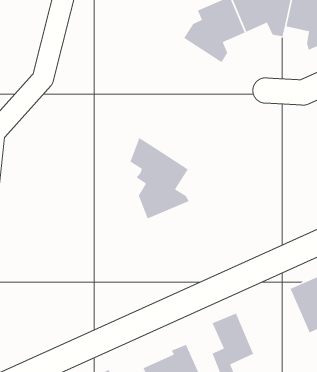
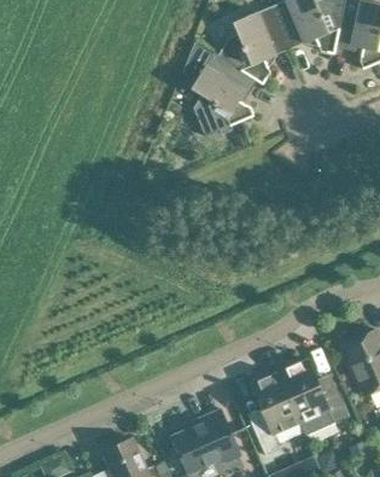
building: [129,137,190,219] -> [185,40,255,135]
building: none -> [280,360,349,435]

